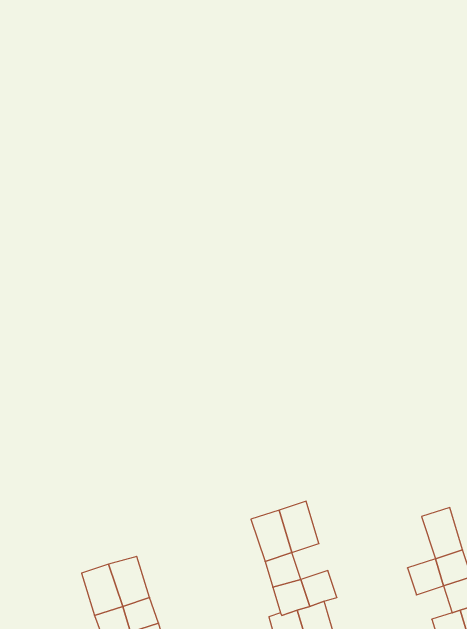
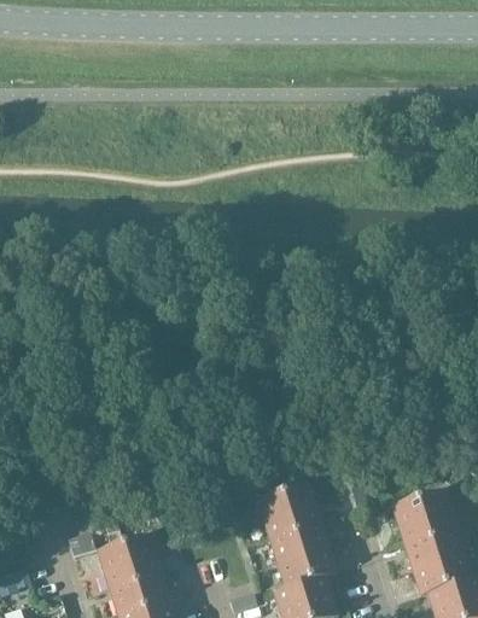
building: none -> [390,501,429,549]
building: none -> [293,526,327,560]
building: none -> [410,566,444,600]

